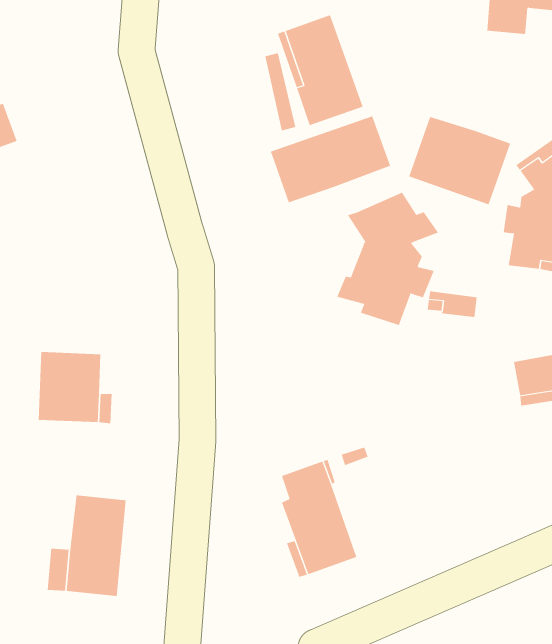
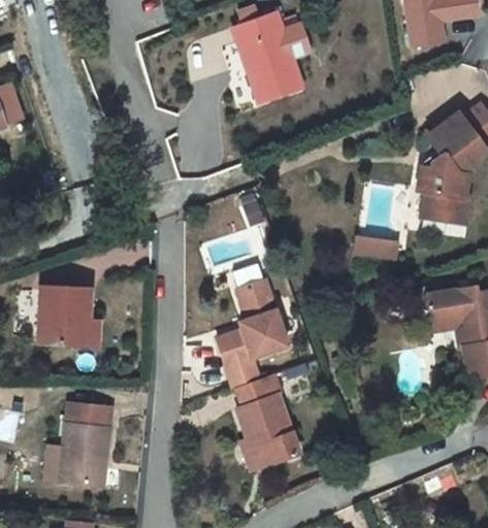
building: [270,116,391,203] -> none
building: [409,116,511,205] -> none
building: [336,192,439,326] -> none
building: none -> [216,280,286,388]

